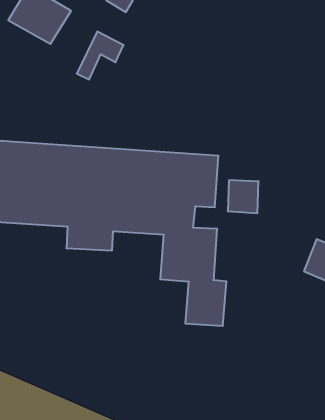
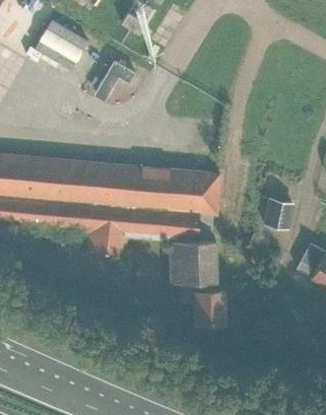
building: [228,180,259,213] -> [265,198,292,227]

